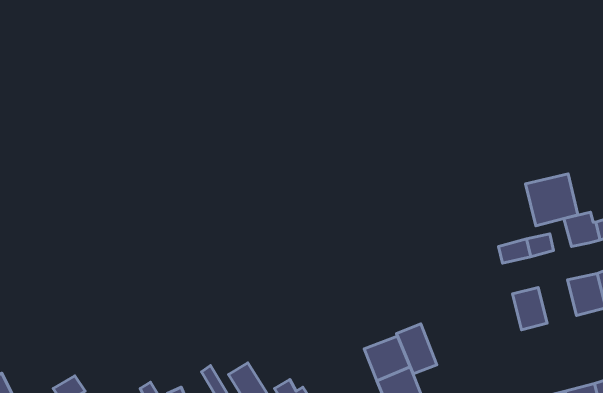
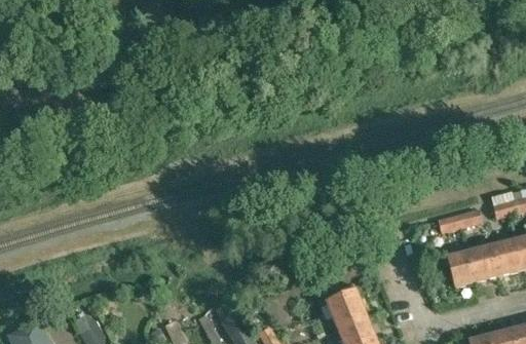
building: [525,174,578,226] -> none
building: none -> [468,245,499,280]
building: [397,324,437,374] -> none

